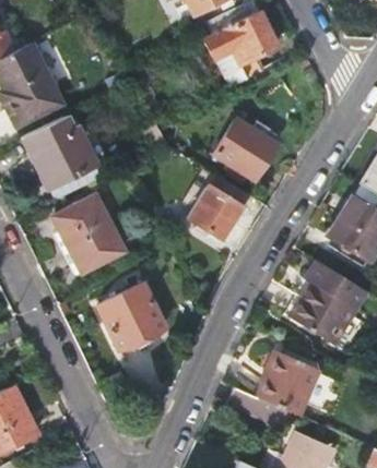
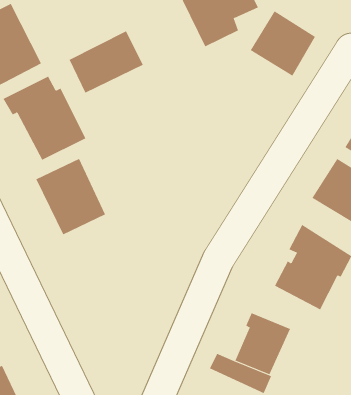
building: none -> [69,31,143,94]
building: [212,118,278,183] -> [250,11,316,77]
building: [188,176,249,240] -> none
building: [95,280,164,347] -> none

